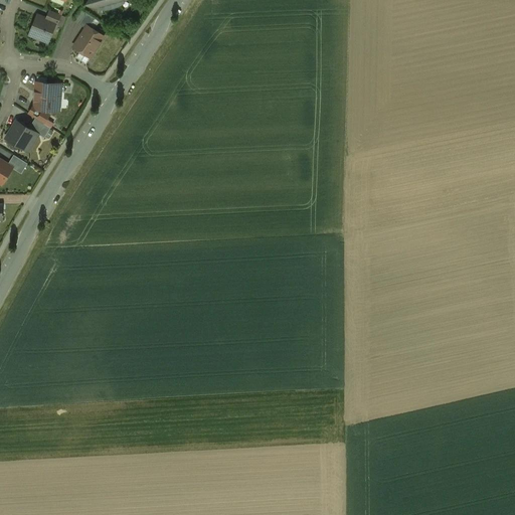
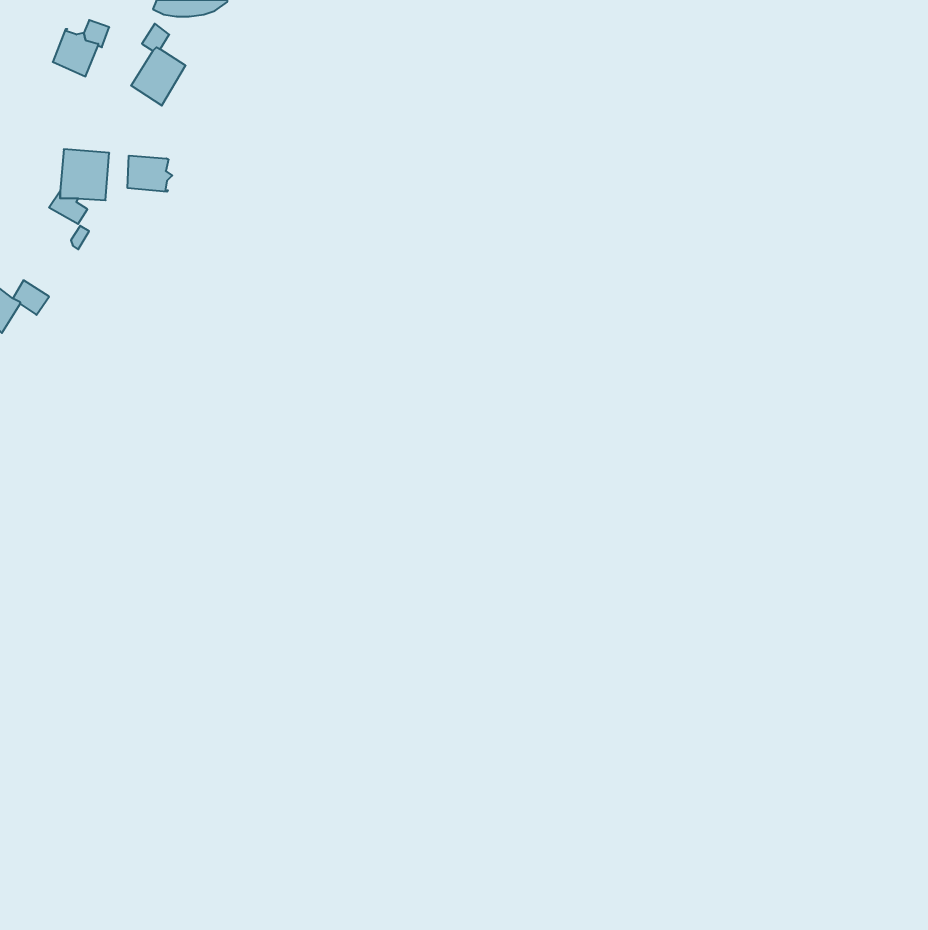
building: none -> [128,156,172,192]
building: [5,122,34,148] -> none

